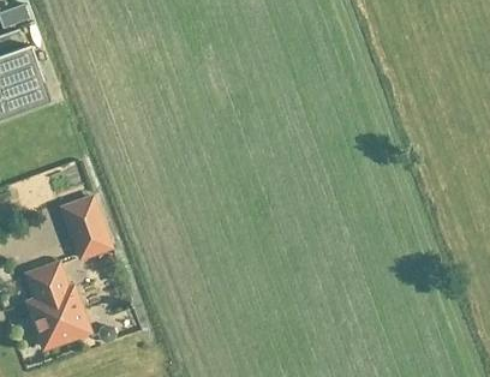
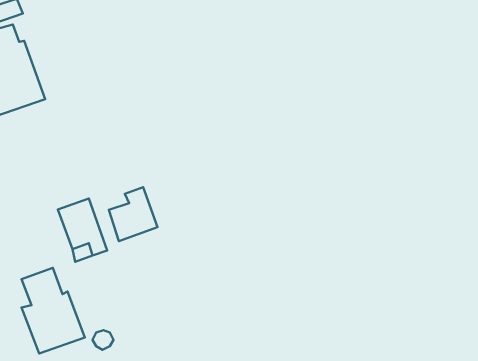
building: none -> [109,187,158,241]

